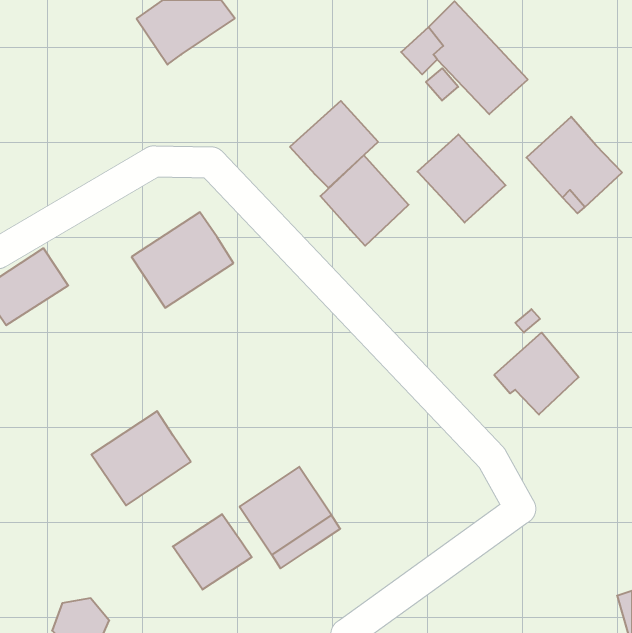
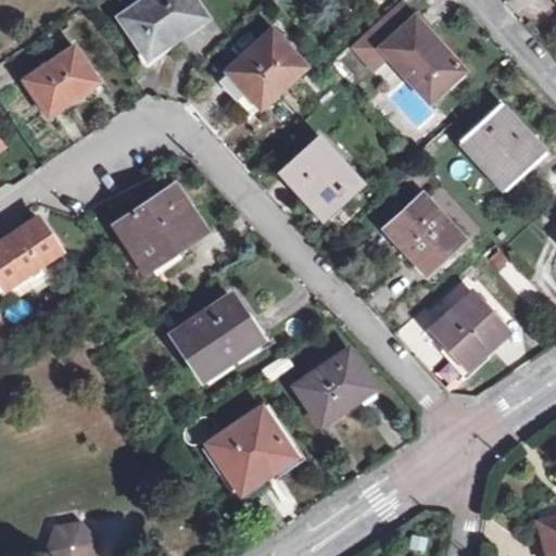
building: none -> [24,47,98,113]
building: [290,101,378,188] -> [227,30,304,106]
building: [417,134,506,223] -> [386,194,463,271]
building: none -> [293,350,372,425]
building: [91,411,191,505] -> [173,296,260,379]
building: [173,514,252,590] -> none

